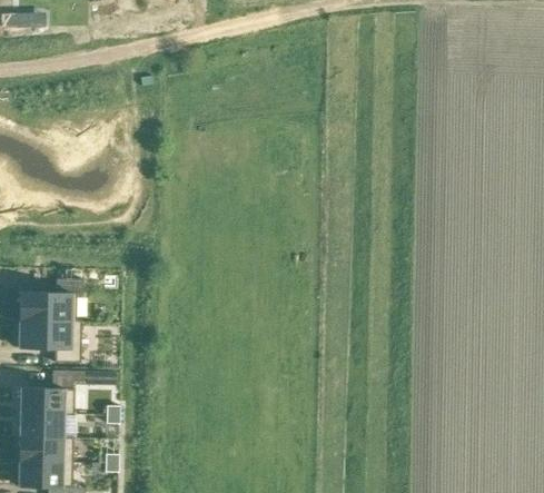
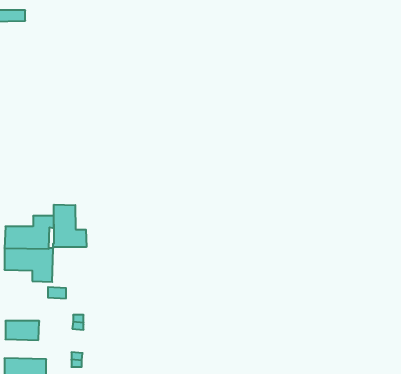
building: none -> [53,205,86,247]
building: [19,387,73,415] -> none
building: [18,436,72,462] -> none

